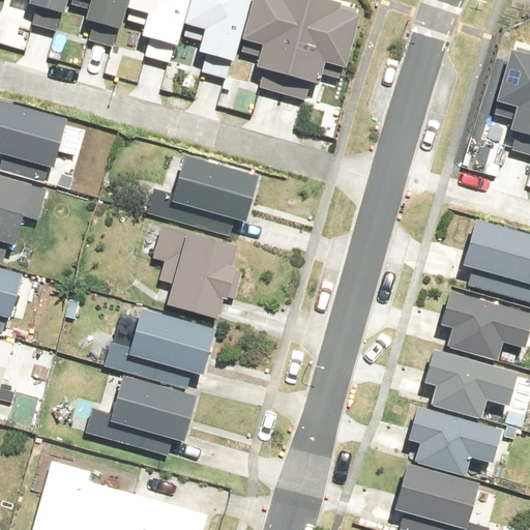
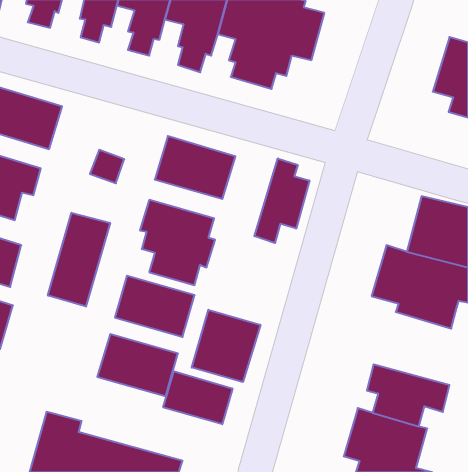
building: none -> [254,158,309,243]
building: none -> [48,213,110,307]
building: none -> [192,310,260,382]
building: [419,350,518,421] -> none
building: none -> [163,371,232,424]

